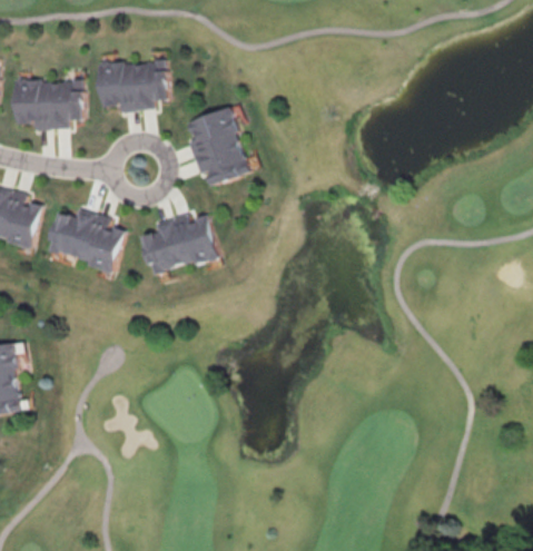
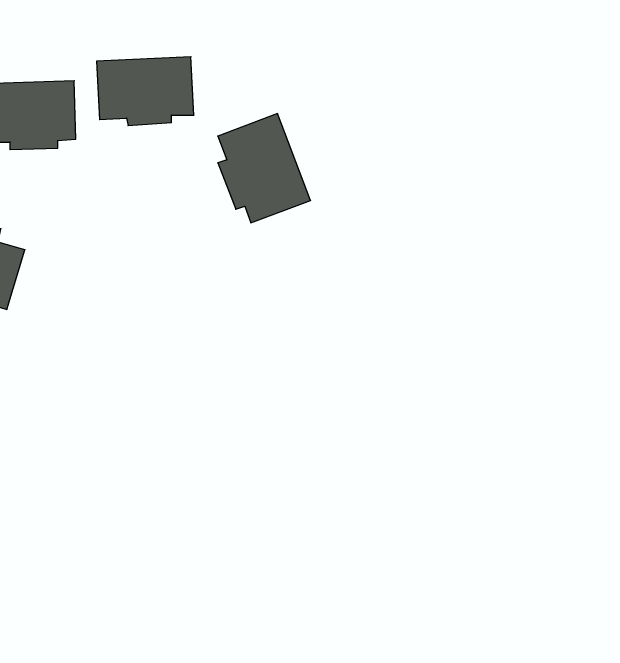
building: [46,206,124,273] -> none
building: [141,211,216,278] -> none

